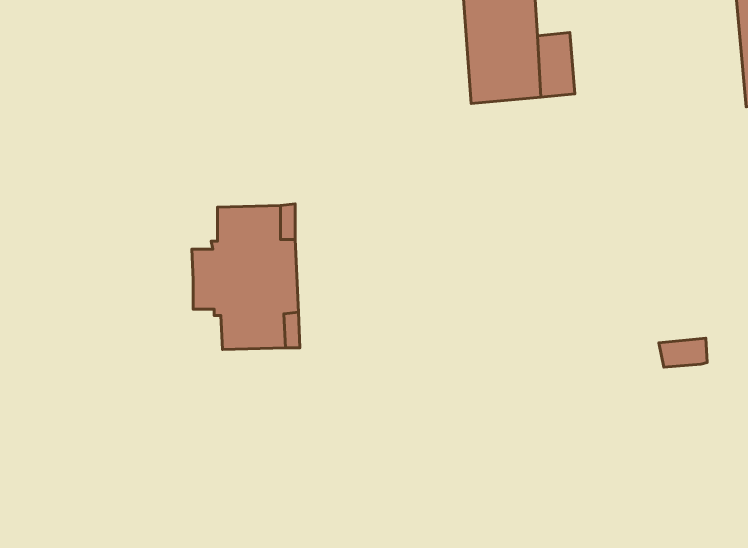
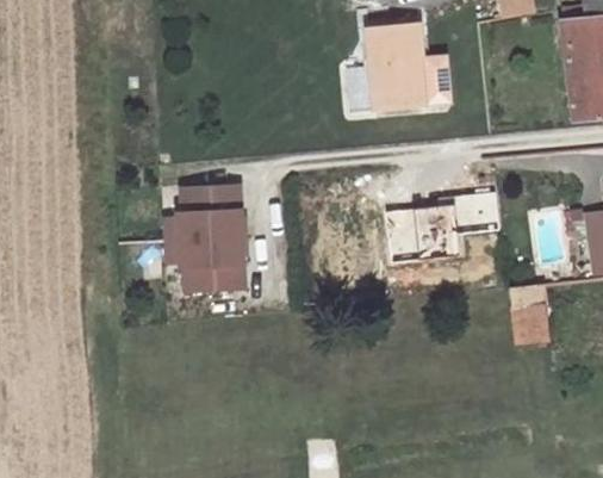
building: none -> [386,193,496,262]
building: none -> [511,302,549,346]

